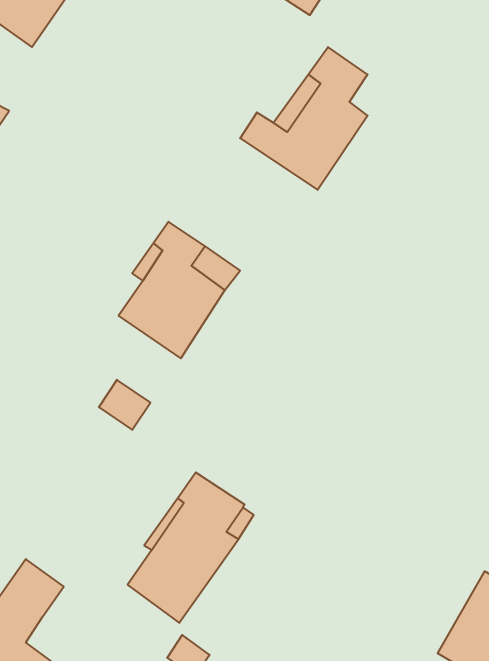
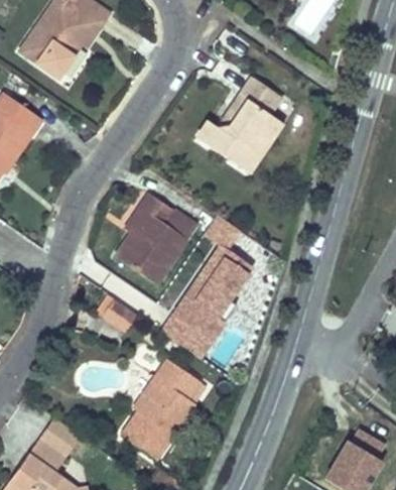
building: none -> [163,215,252,355]

